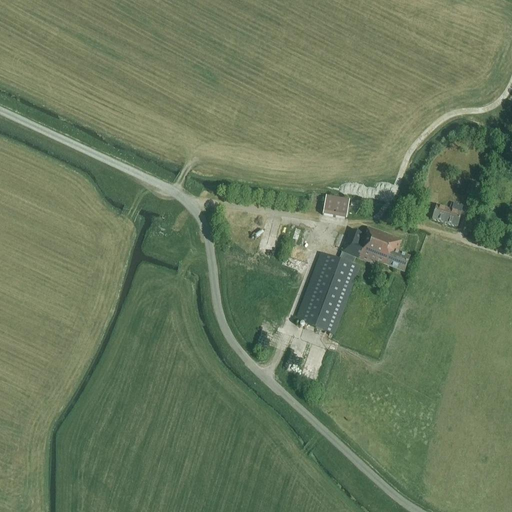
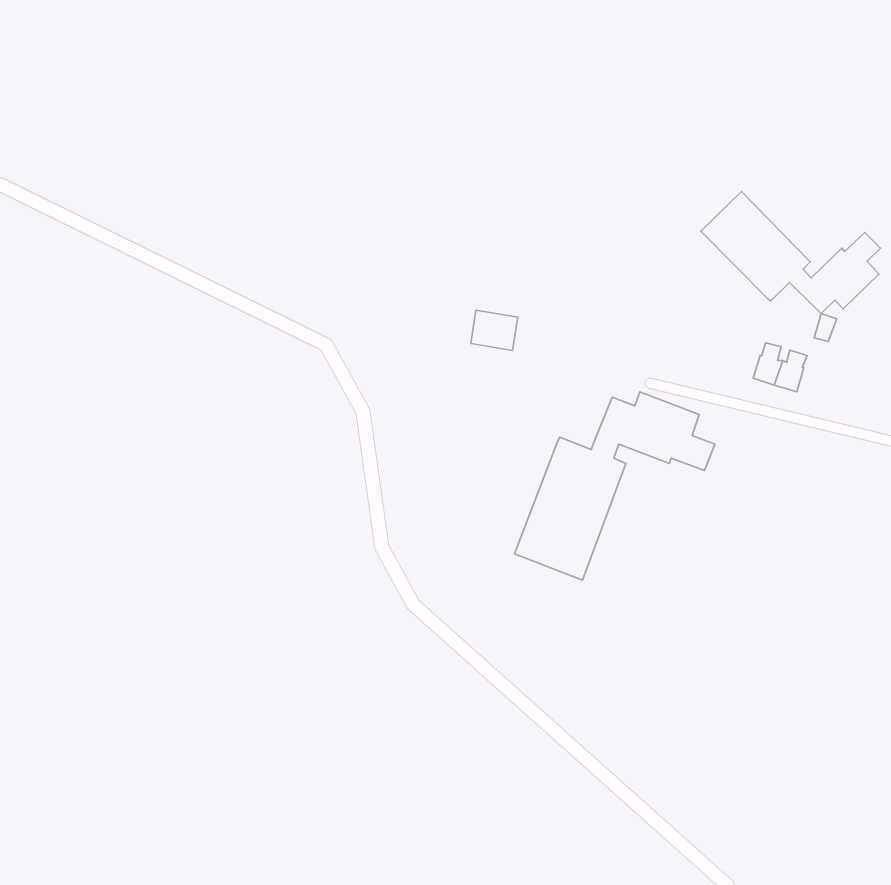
building: none -> [701,191,881,314]
building: [322,194,349,217] -> [471,310,518,350]

